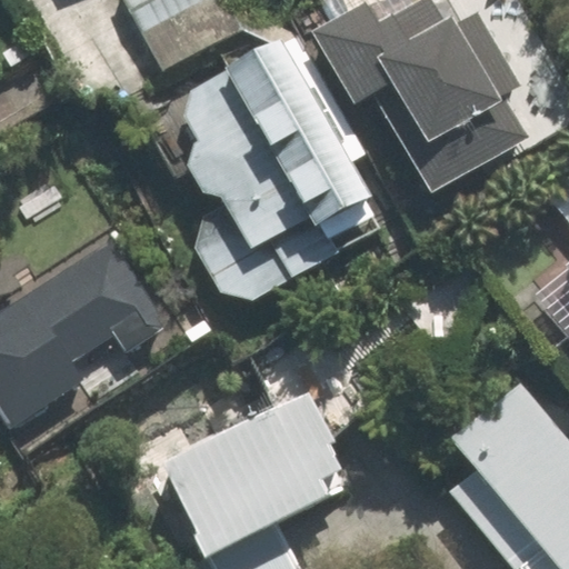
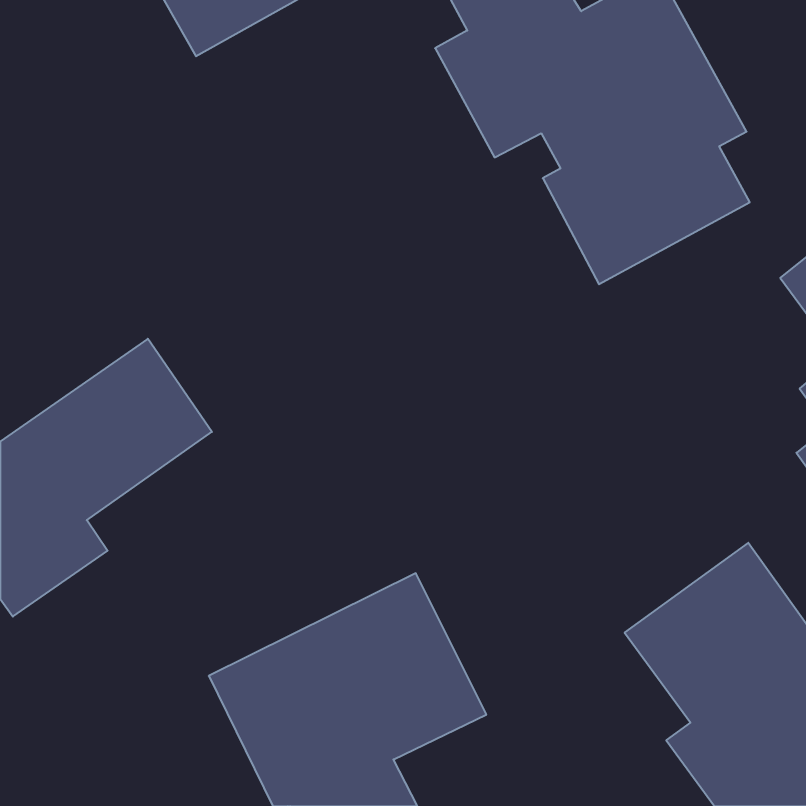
building: [163,40,372,254] -> none

